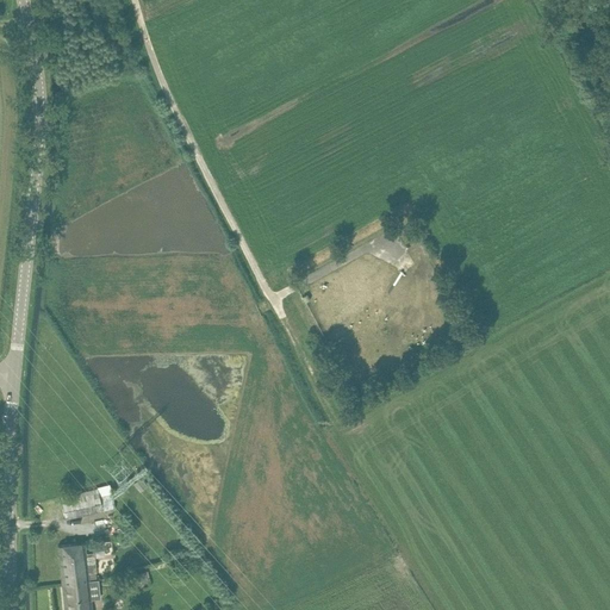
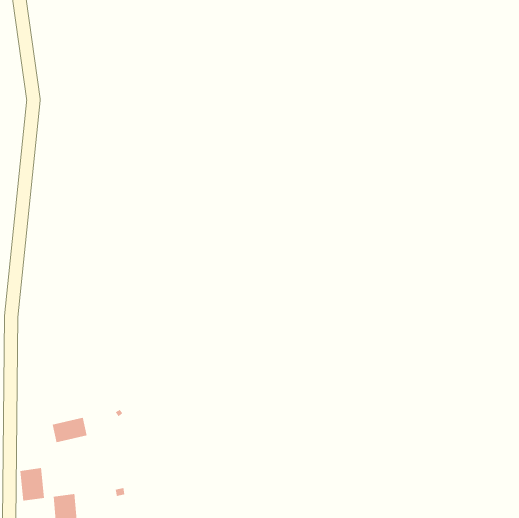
building: [60,544,89,584] -> [19,468,45,501]

